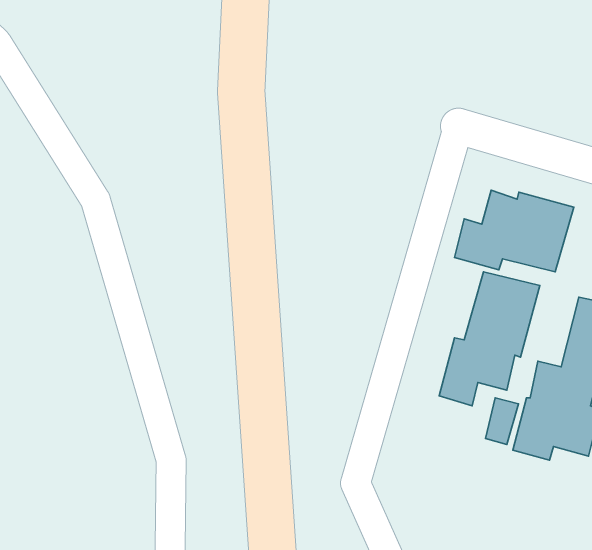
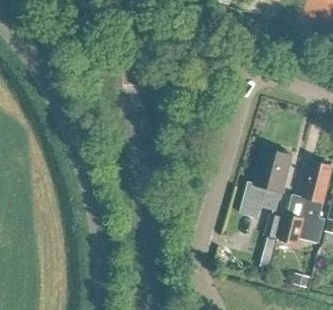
building: [454,190,574,272] -> none

